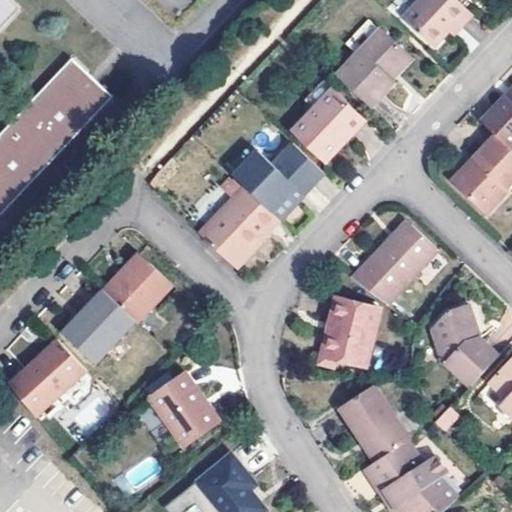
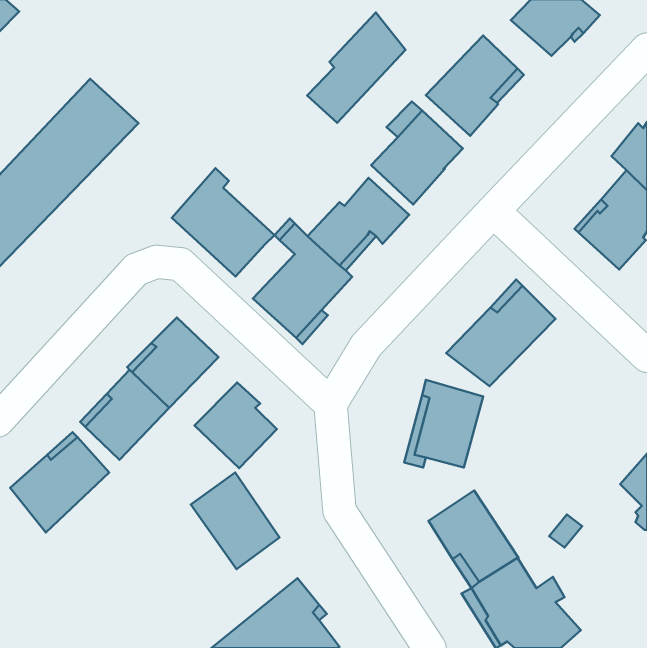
building: none -> [307,13,405,123]
building: none -> [172,168,275,277]
building: none -> [195,382,277,468]
building: [427,306,497,387] -> none

